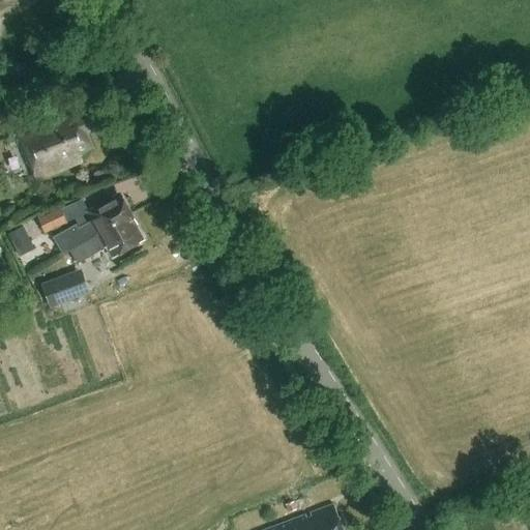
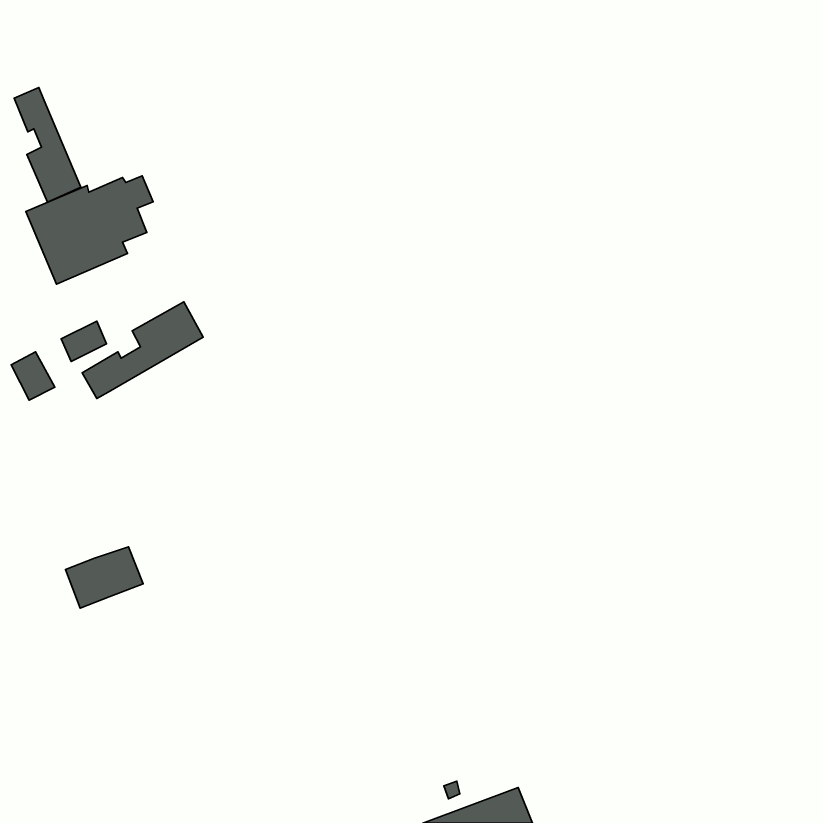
building: none -> [14,88,81,202]
building: [69,216,144,264] -> none
building: [40,269,90,308] -> [66,547,143,608]

